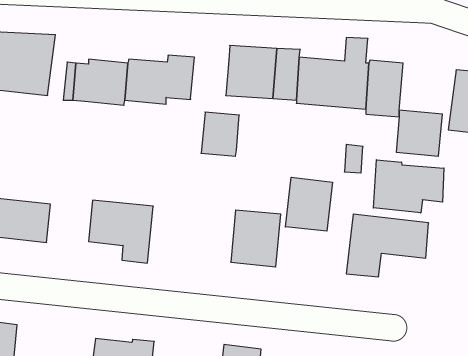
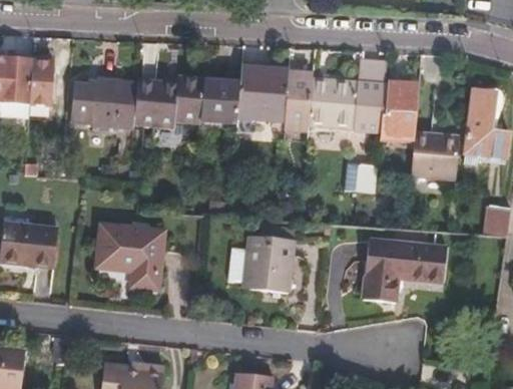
building: [201,112,239,156] -> [201,78,240,123]
building: [373,160,444,213] -> none
building: [285,177,332,231] -> none

